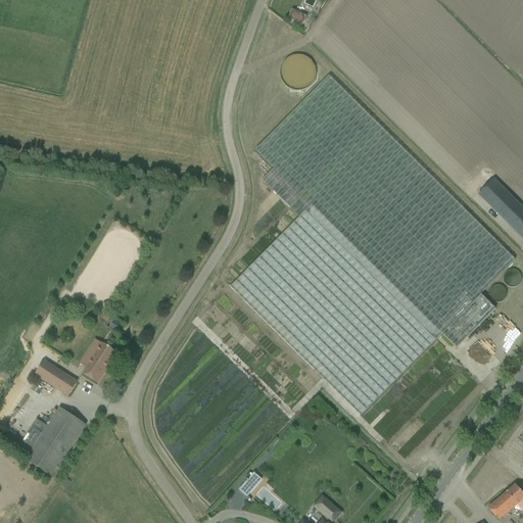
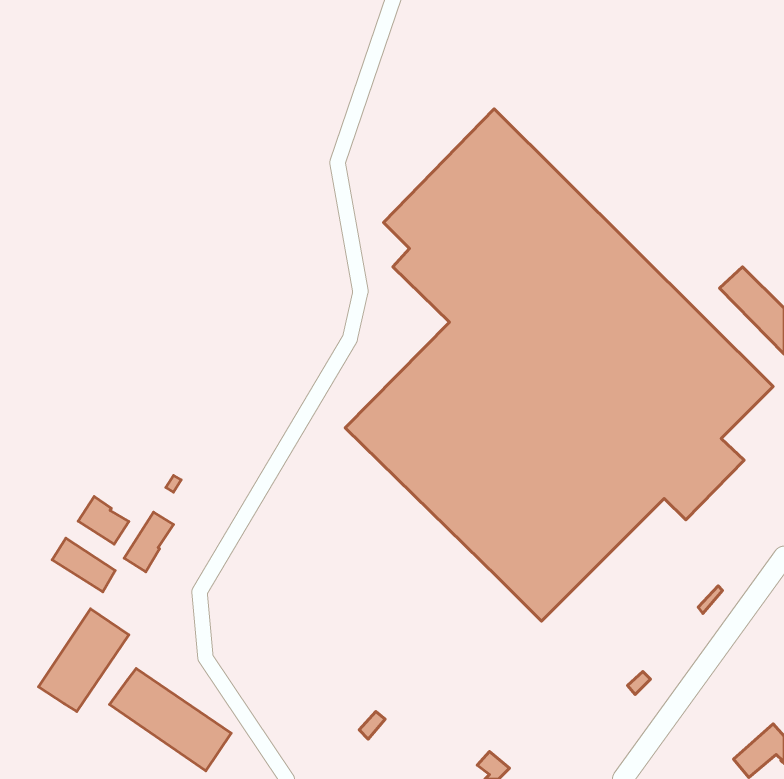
building: none -> [78,496,129,544]
building: none -> [110,668,231,771]

